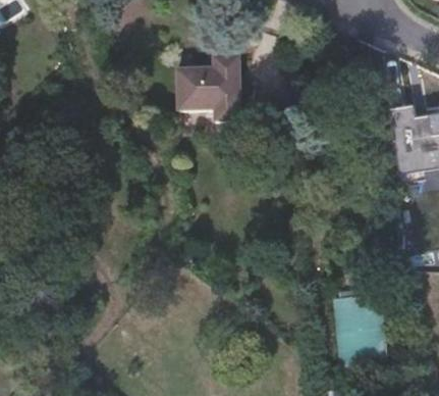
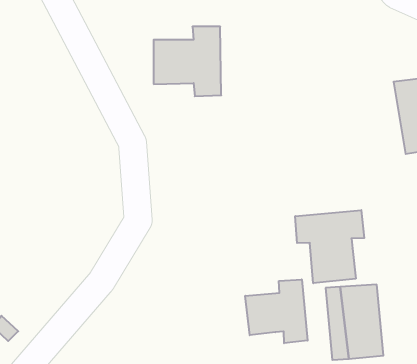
building: none -> [295,210,364,283]
building: none -> [245,279,308,343]

